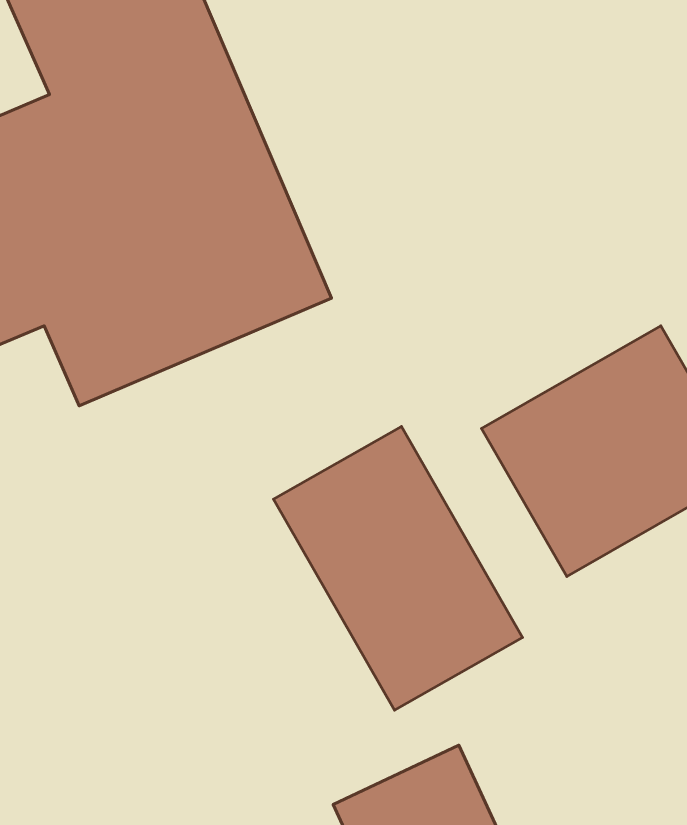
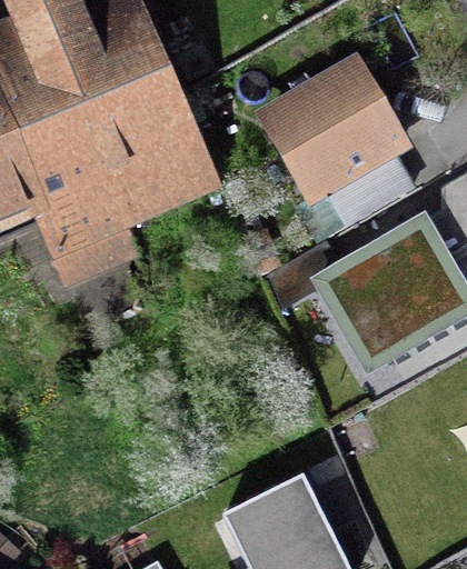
building: none -> [266,70,398,198]
building: [274,426,523,710] -> none

